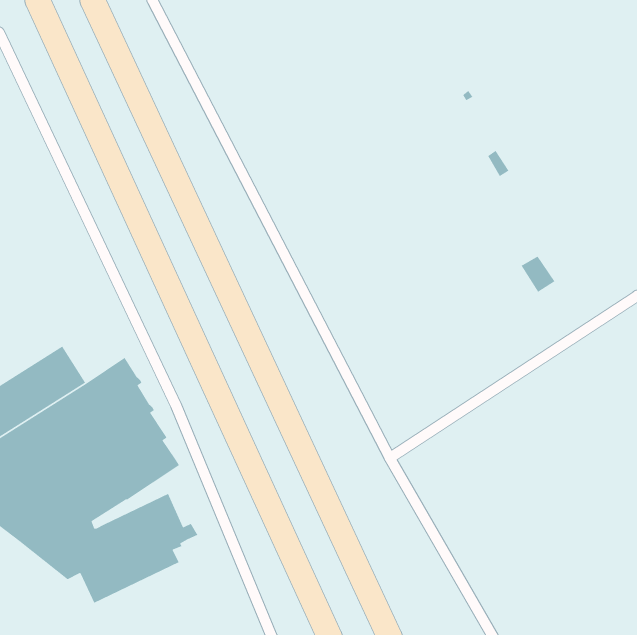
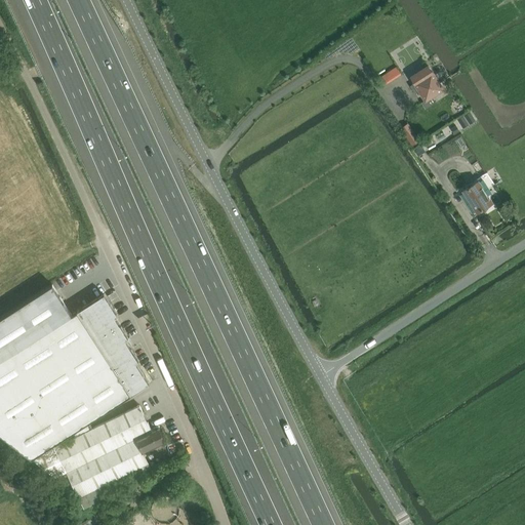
building: none -> [410,68,441,102]
building: [520,255,555,293] -> [462,184,491,214]

